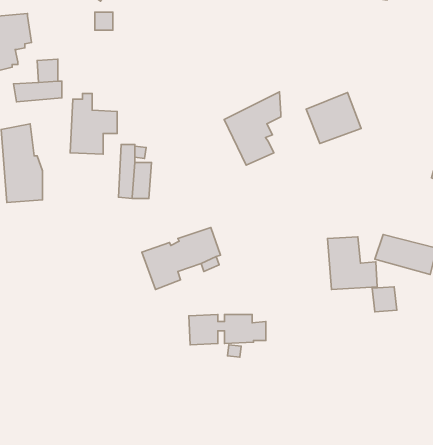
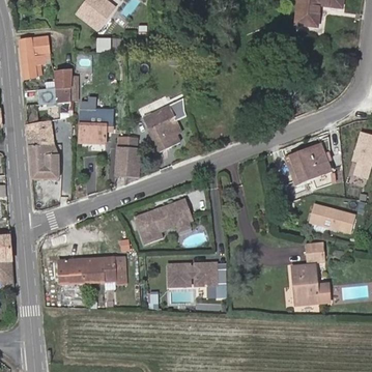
building: [224,92,281,165] -> [142,96,184,151]
building: [306,93,361,144] -> [290,143,332,181]
building: [327,237,377,289] -> [292,264,330,304]
building: none -> [59,256,126,283]

